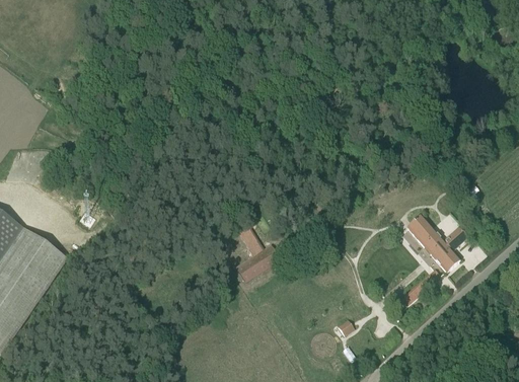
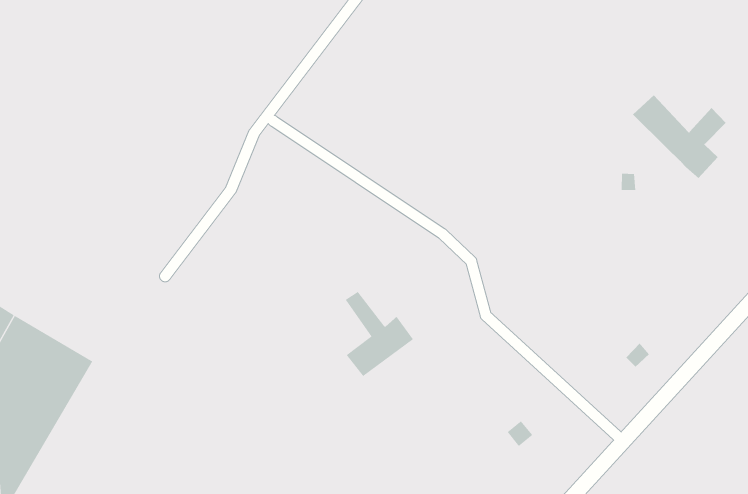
building: [405,214,467,272] -> [632,94,727,179]

